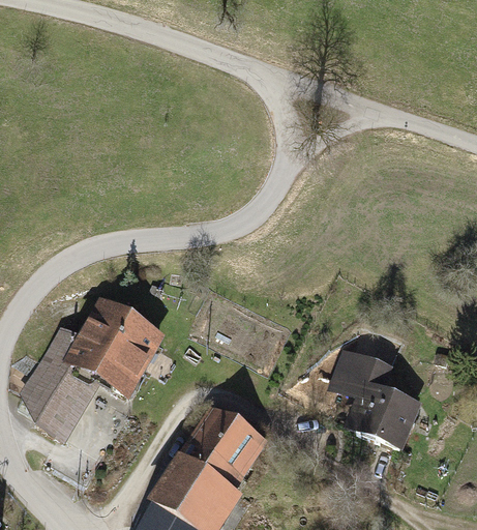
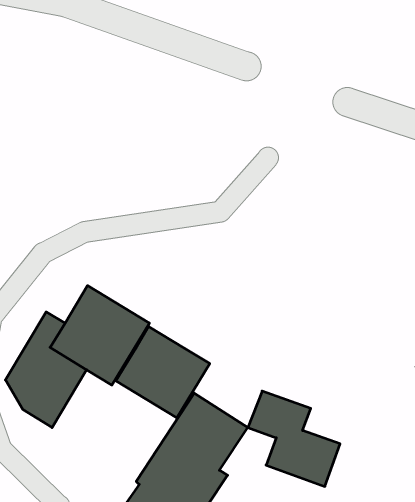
building: none -> [116,327,210,418]
building: [328,349,422,446] -> [248,391,340,486]

